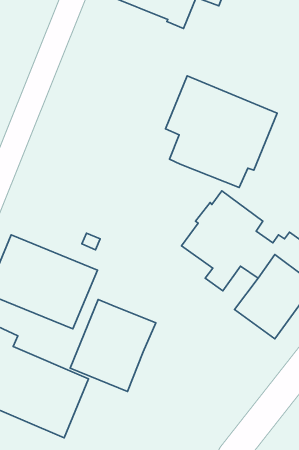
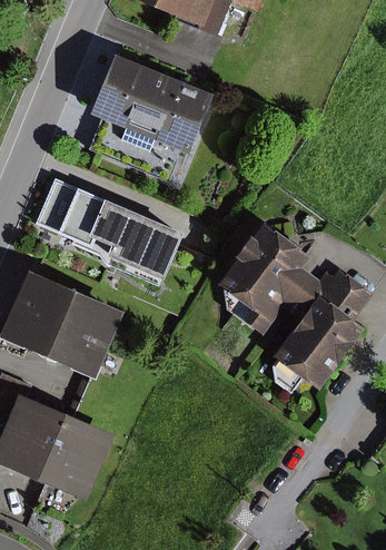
building: [166,76,277,188] -> [87,52,214,179]
building: none -> [38,179,185,286]
building: [70,299,156,392] -> none

